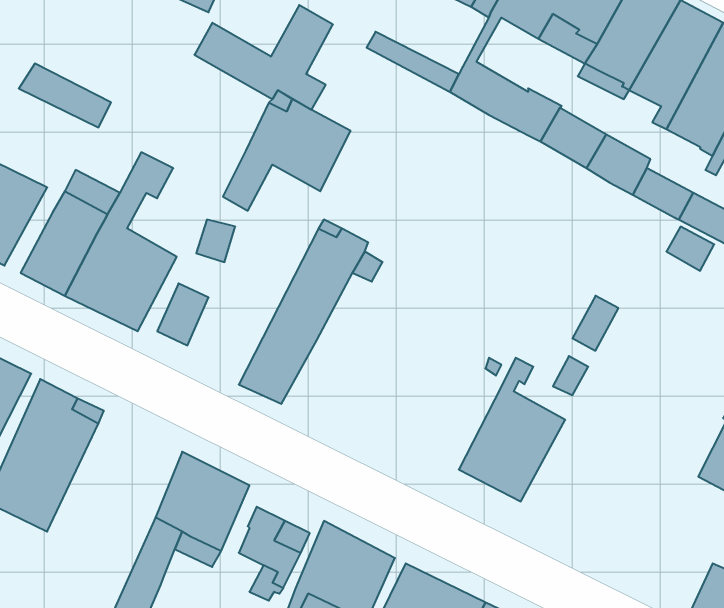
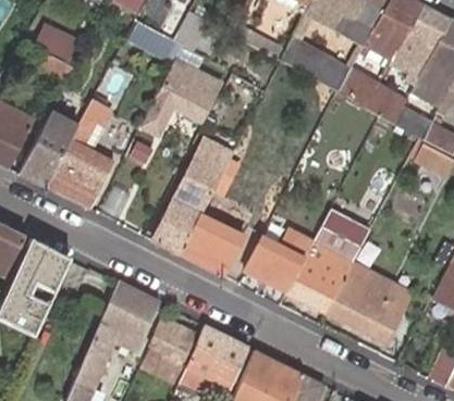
building: none -> [30,21,76,60]
building: none -> [179,214,244,277]
building: none -> [245,229,314,293]
building: none -> [326,263,414,344]

